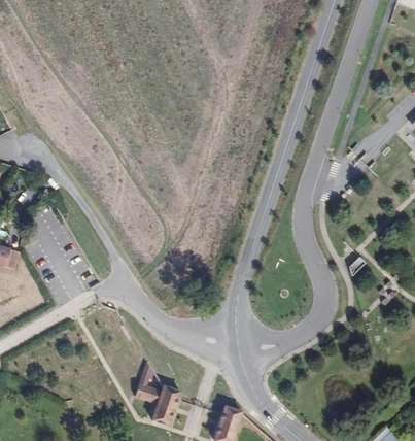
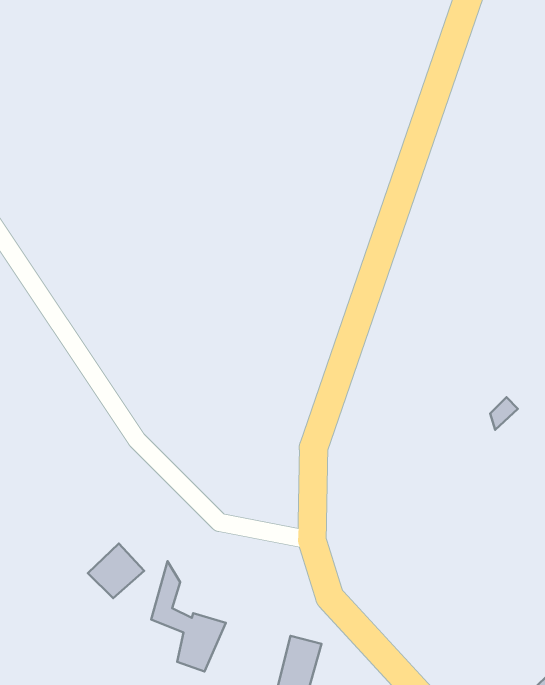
building: none -> [88,544,144,598]

